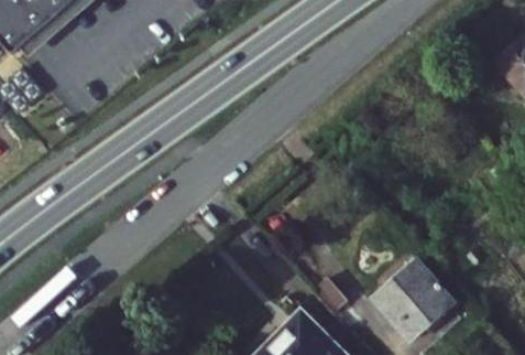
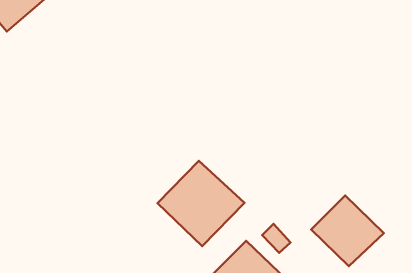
building: none -> [157,161,245,246]

